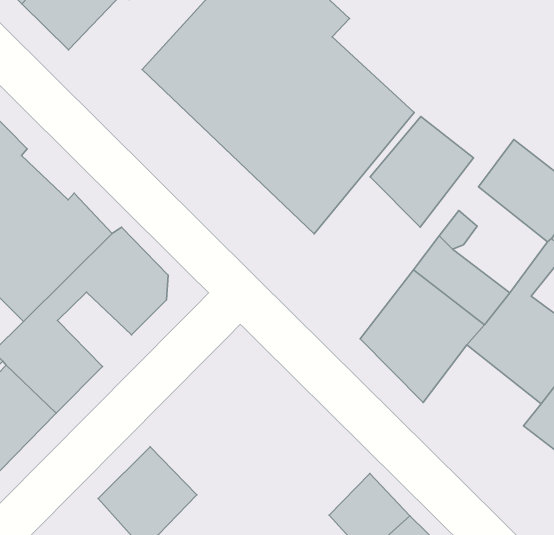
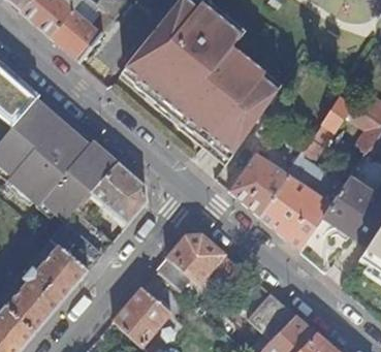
building: [370,116,473,227] -> [228,153,287,217]
building: none -> [156,234,241,292]

